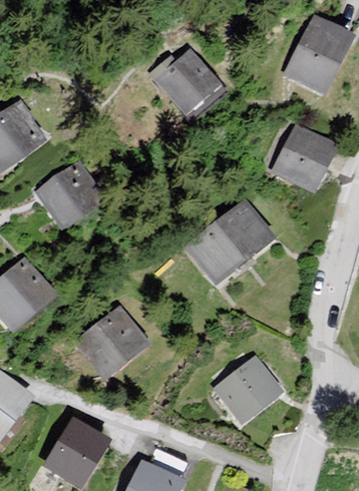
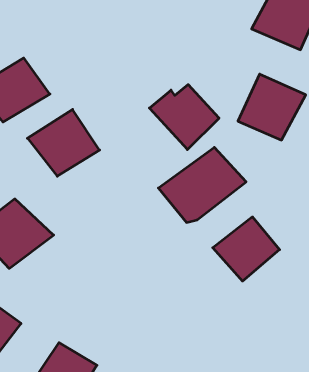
building: [150,46,228,118] -> [149,85,219,150]
building: [69,307,151,386] -> none
building: [205,355,279,426] -> [213,217,280,281]

